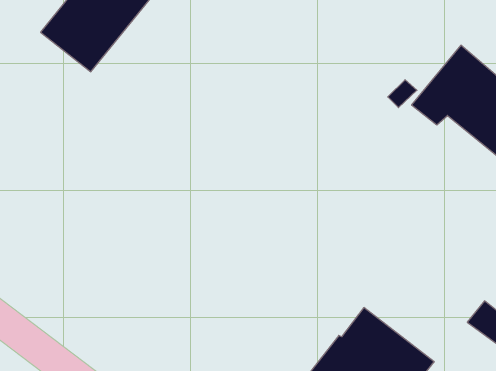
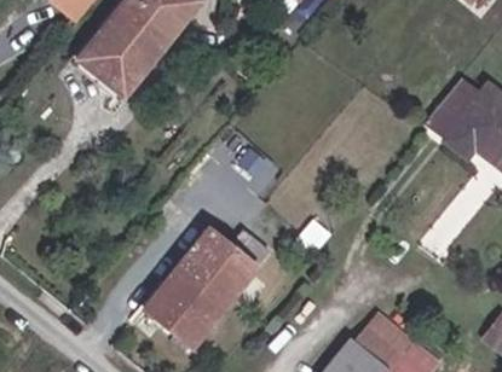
building: none -> [122,231,249,348]

